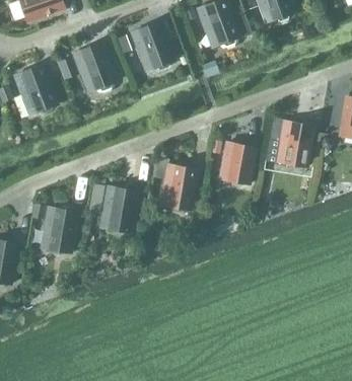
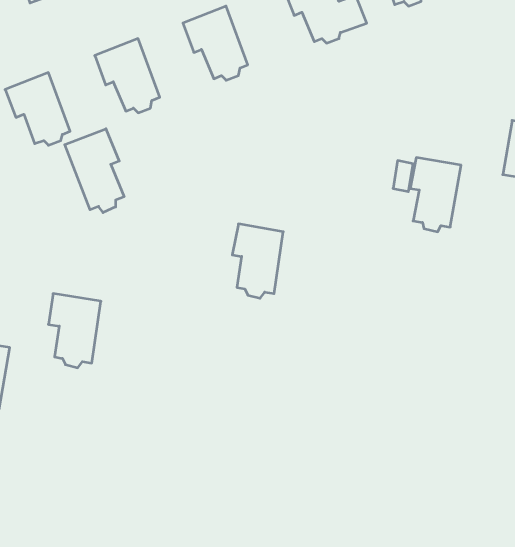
building: none -> [65,129,124,213]
building: [221,142,255,186] -> none
building: [103,186,136,235] -> none

